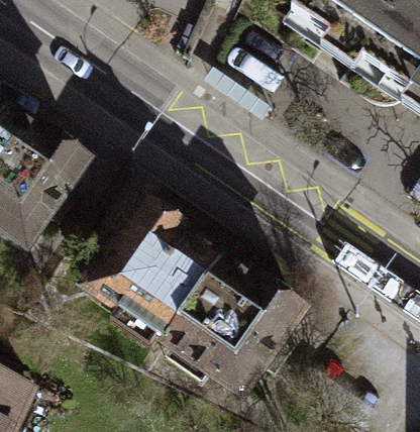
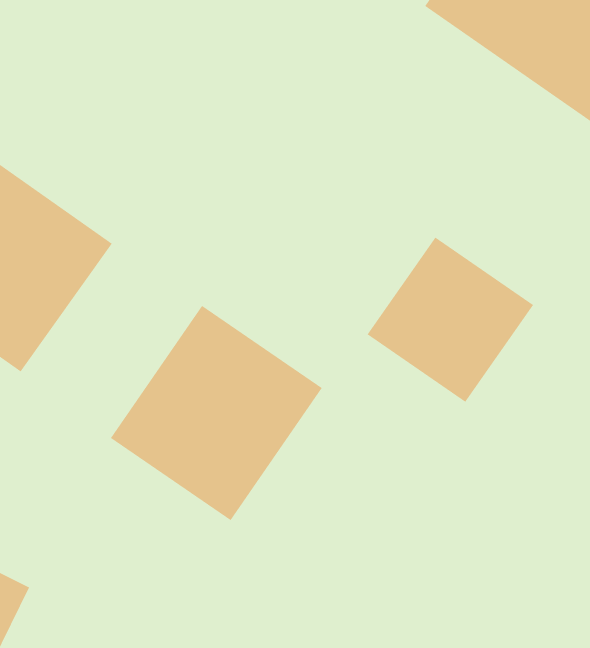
building: none -> [366,236,534,403]
building: [166,258,304,400] -> none

